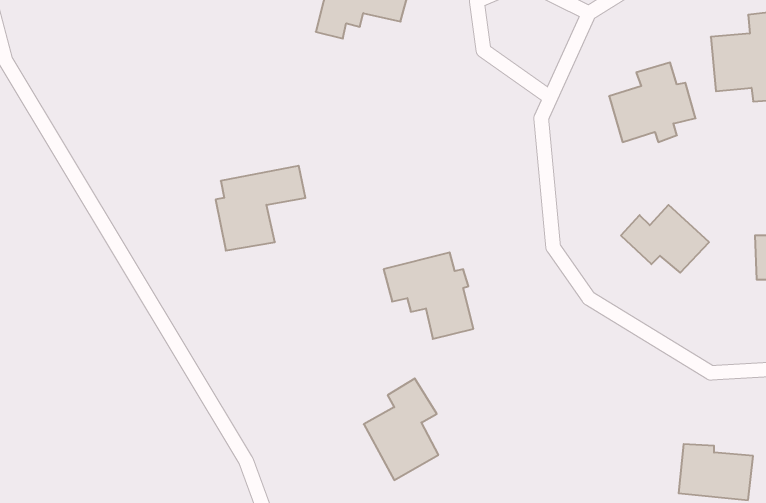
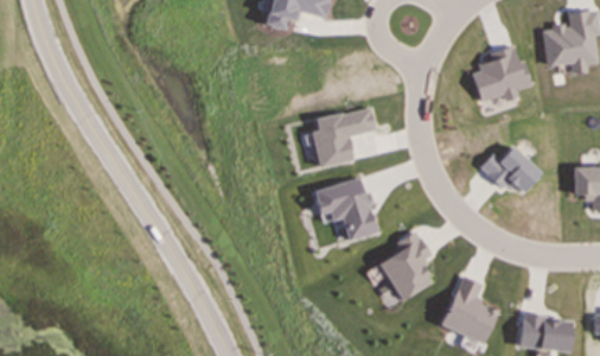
building: [216,166,305,251] -> [312,107,375,166]
building: [364,378,438,480] -> [379,229,432,300]
building: none -> [440,274,498,343]

